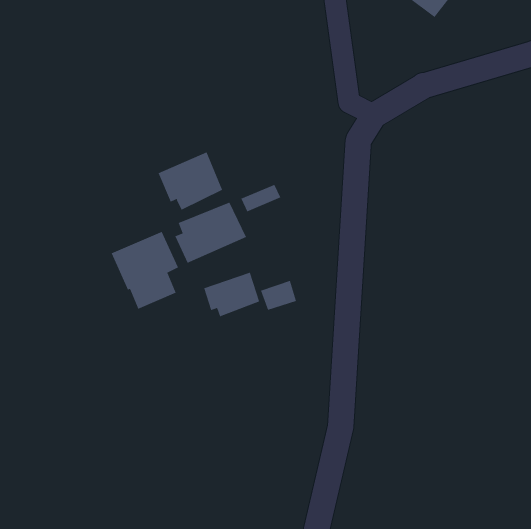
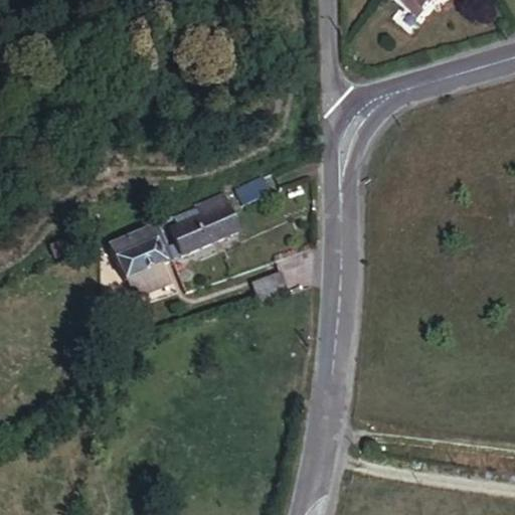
building: [158,152,223,211] -> none
building: [204,272,260,317] -> none

